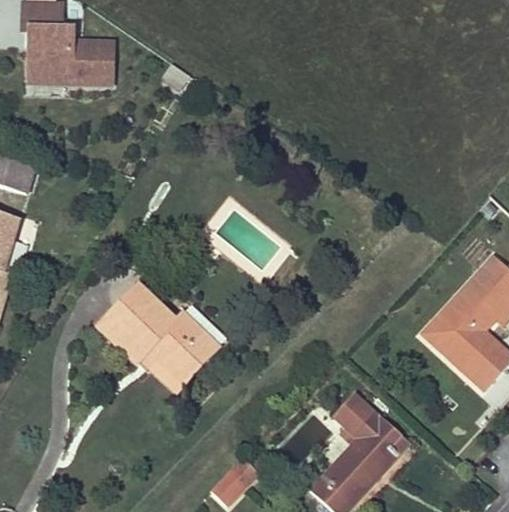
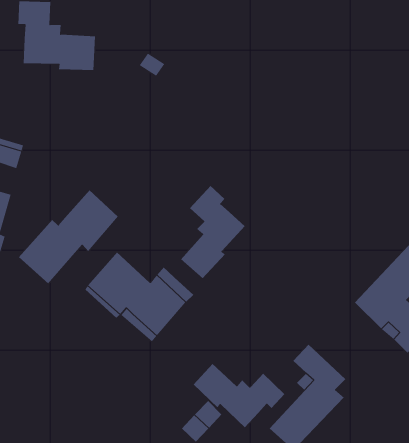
building: none -> [180,185,246,279]
building: none -> [18,189,119,284]
building: none -> [193,363,285,428]

